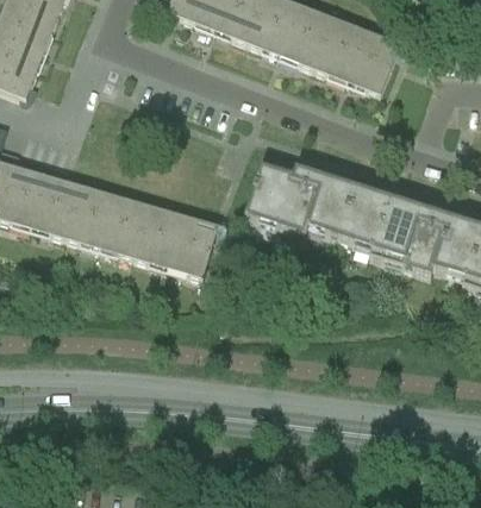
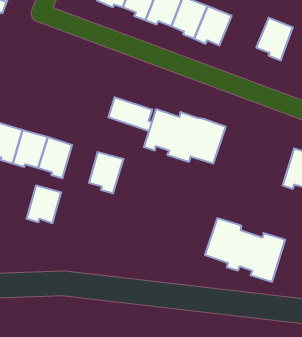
building: [349,35,399,93] -> [256,18,293,61]
building: none -> [108,97,152,131]
building: [341,186,450,272] -> [205,218,285,282]
building: [135,211,182,262] -> [26,185,61,223]

